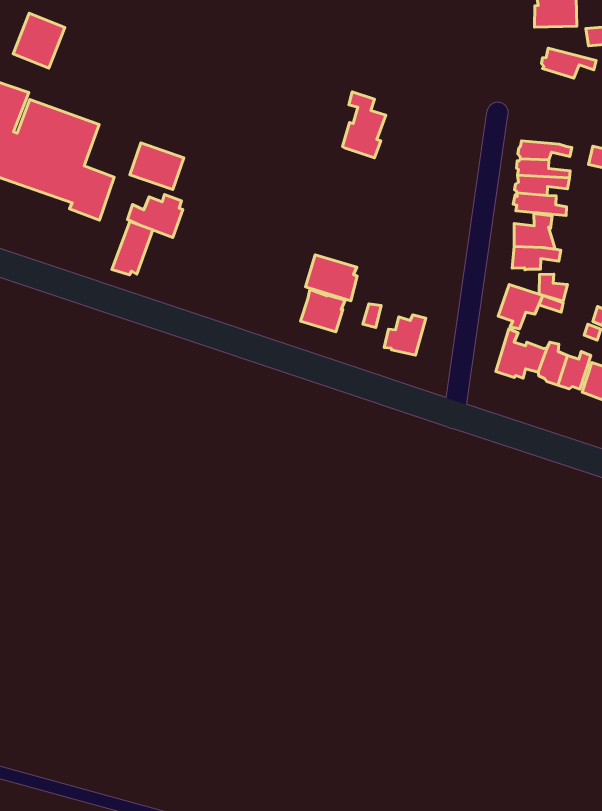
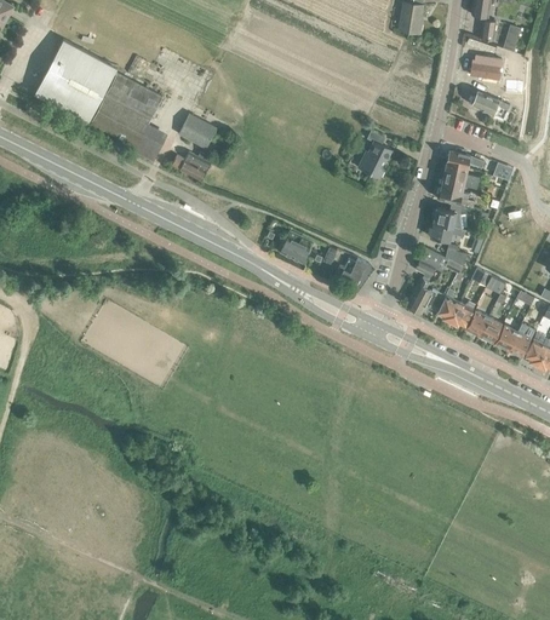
building: [13,13,65,68] -> none
building: [343,92,386,158] -> [359,131,391,178]
building: [112,221,153,275] -> none
building: [305,255,357,301] -> none

